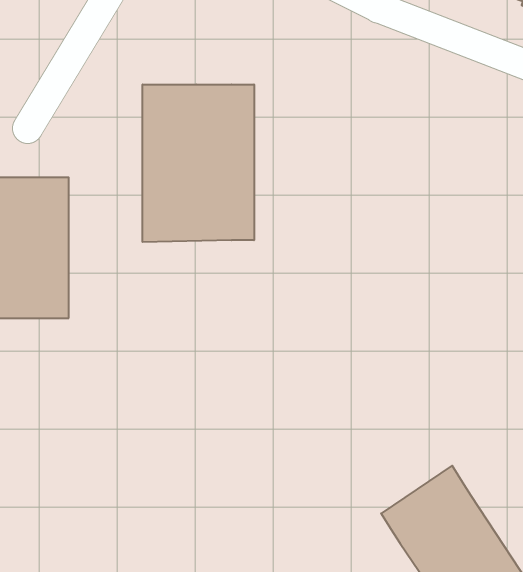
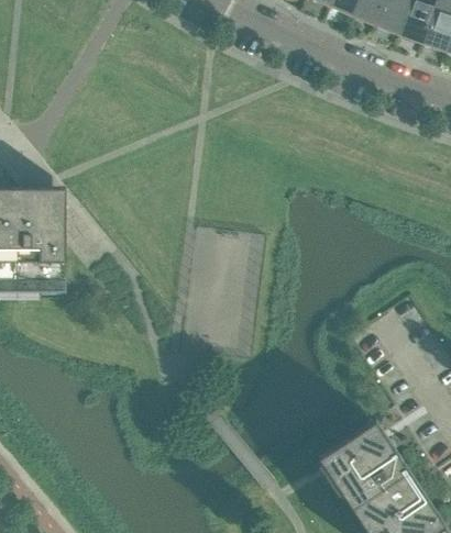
building: [143,84,254,242] -> none

